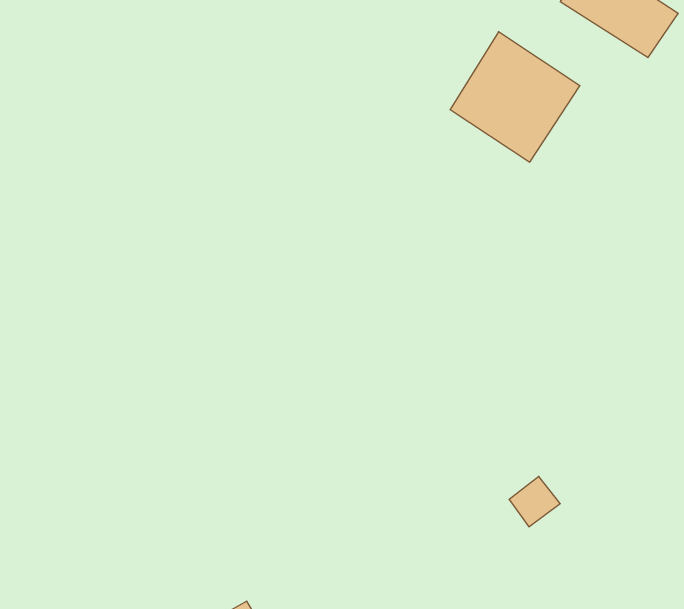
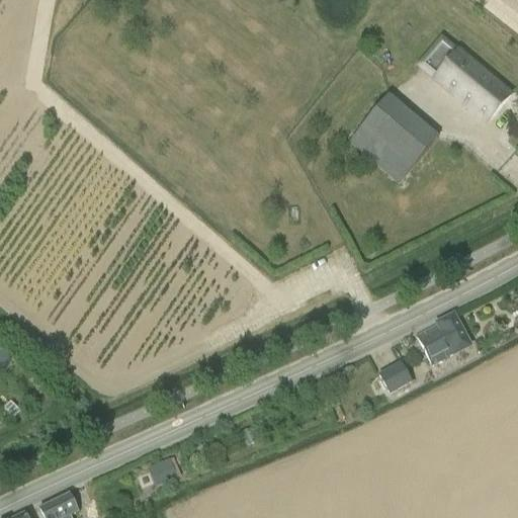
building: none -> [416,313,470,363]
building: [509,476,560,527] -> [378,358,413,392]

